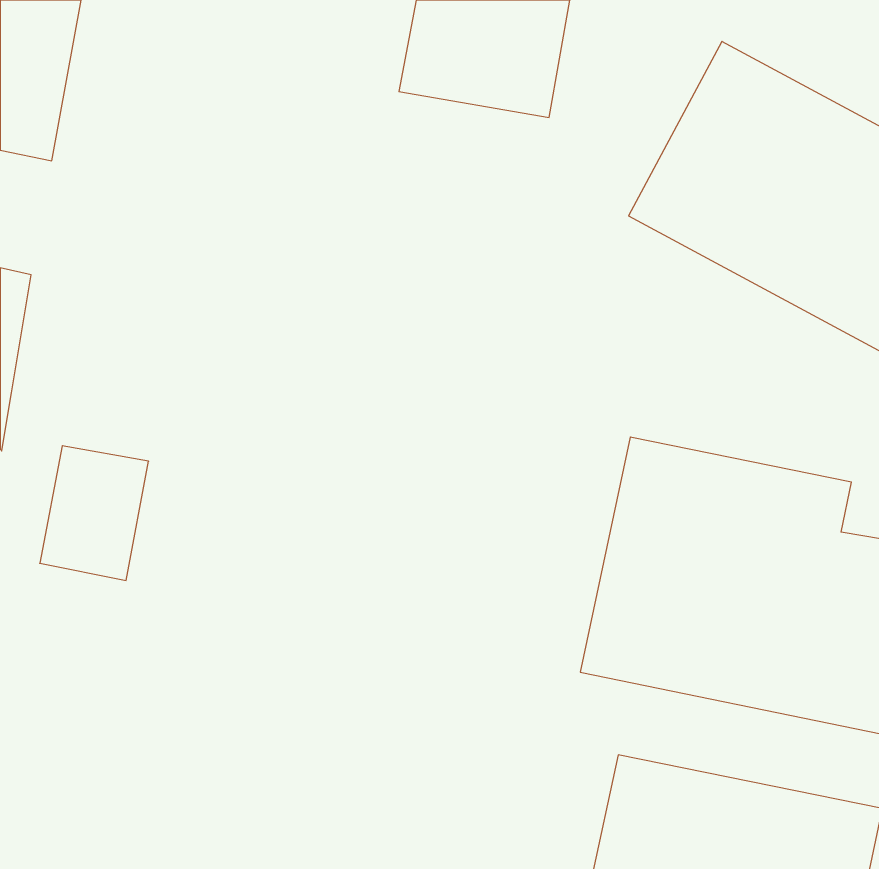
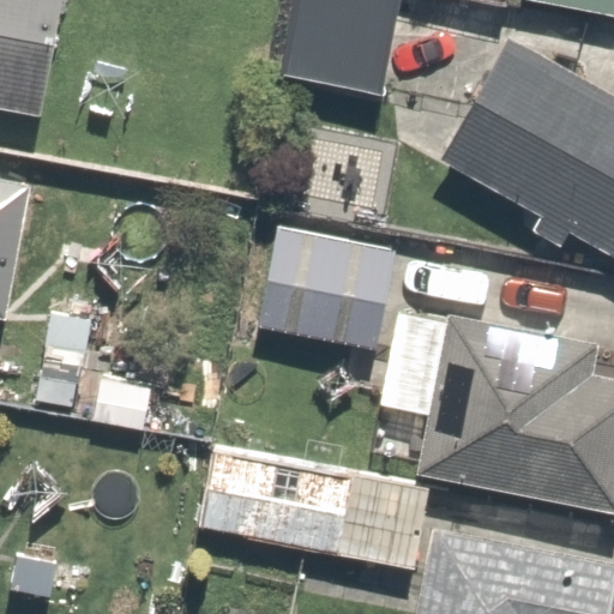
building: none -> [255,221,399,348]
building: none -> [195,444,427,567]

